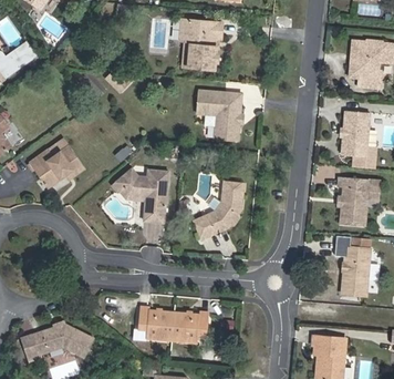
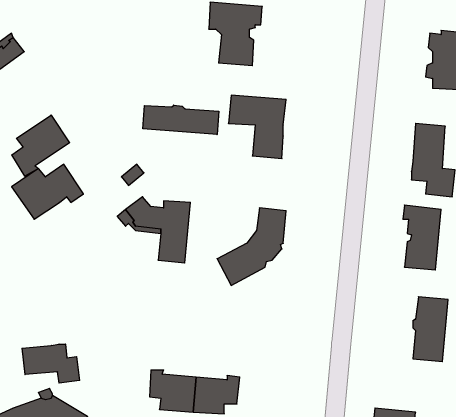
building: none -> [143,105,219,135]
building: none -> [12,115,70,176]
building: none -> [22,344,80,383]

